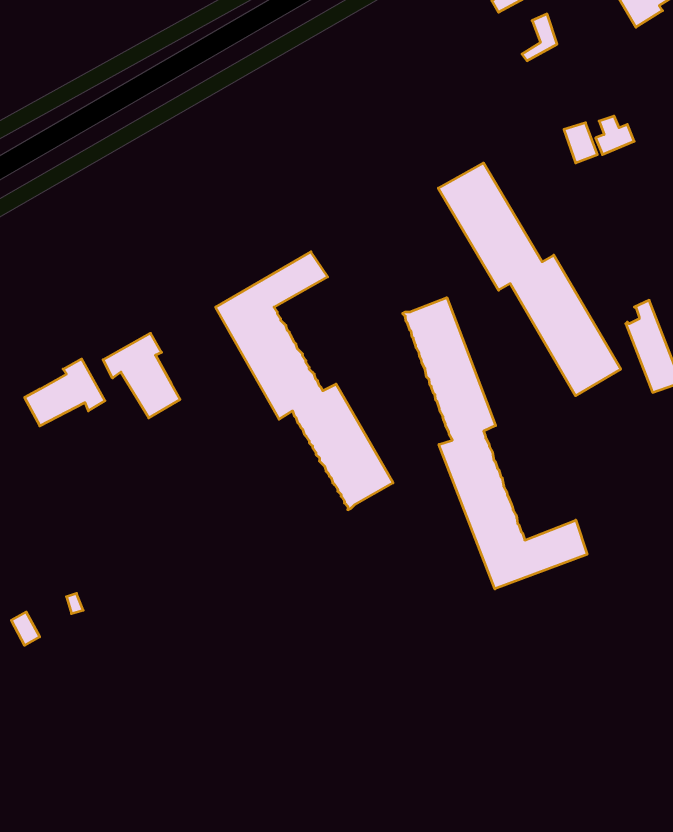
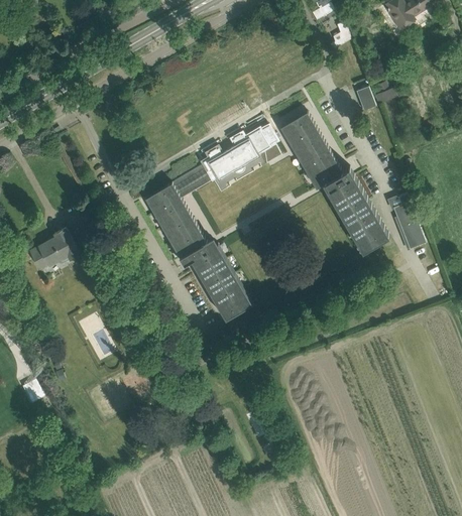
building: none -> [202,125,280,192]
building: [403,298,587,589] -> none
building: [103,333,180,418] -> none

